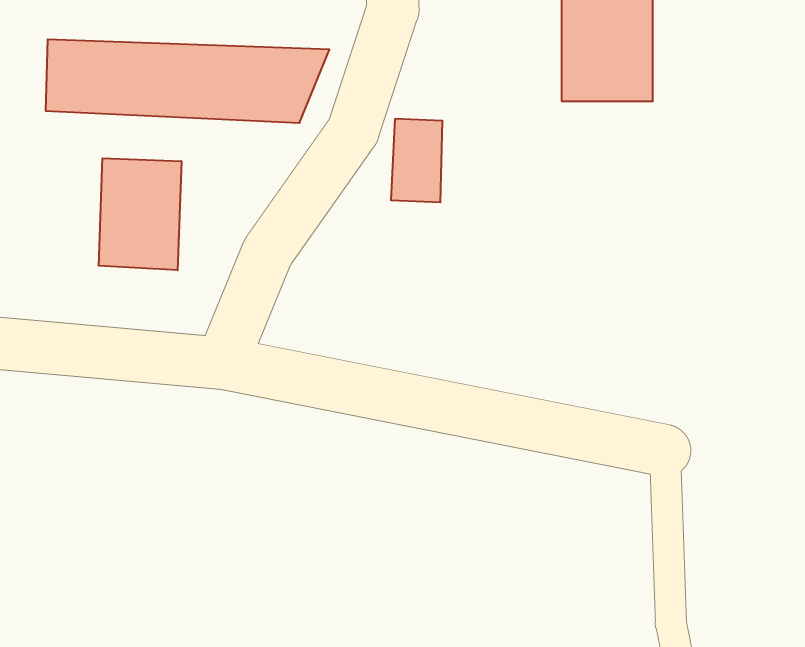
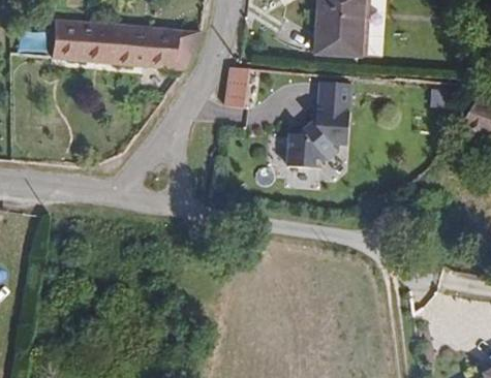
building: none -> [290,83,347,168]
building: [99,158,181,270] -> none

